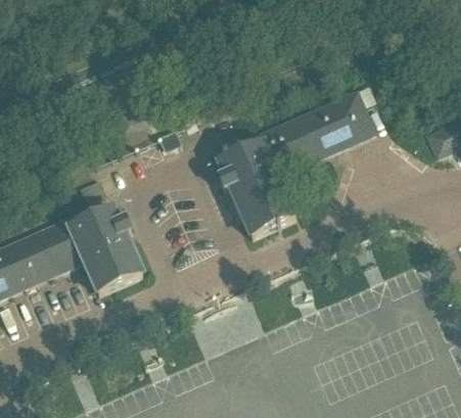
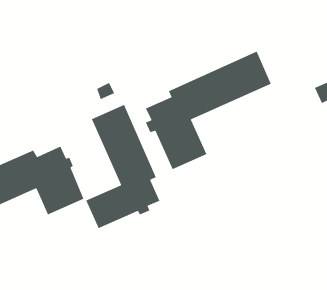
building: none -> [85,104,160,229]

